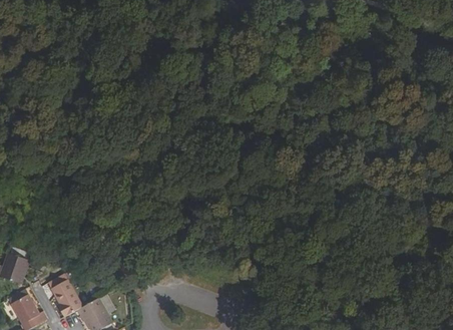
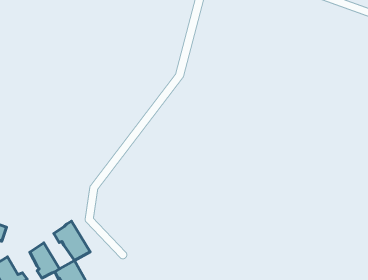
building: none -> [54,221,90,261]

